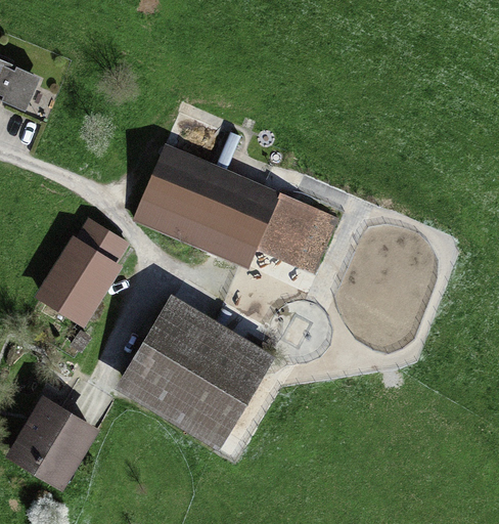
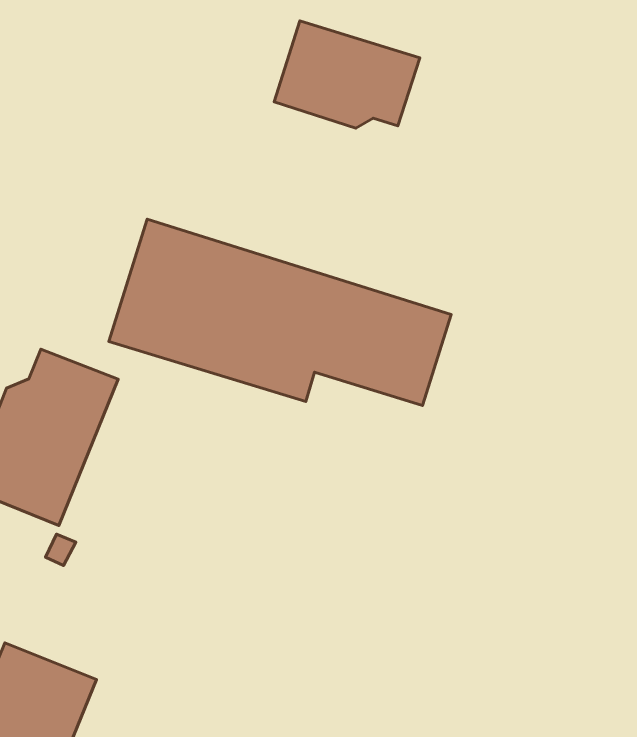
building: none -> [274,21,420,128]
building: [121,293,274,441] -> none

